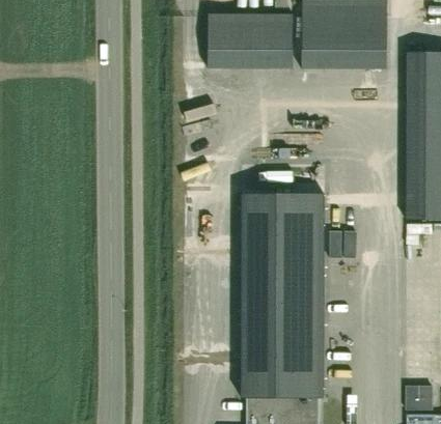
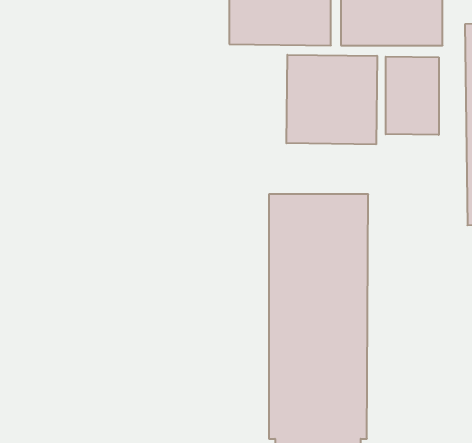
building: none -> [286,55,377,144]
building: none -> [386,57,439,135]

